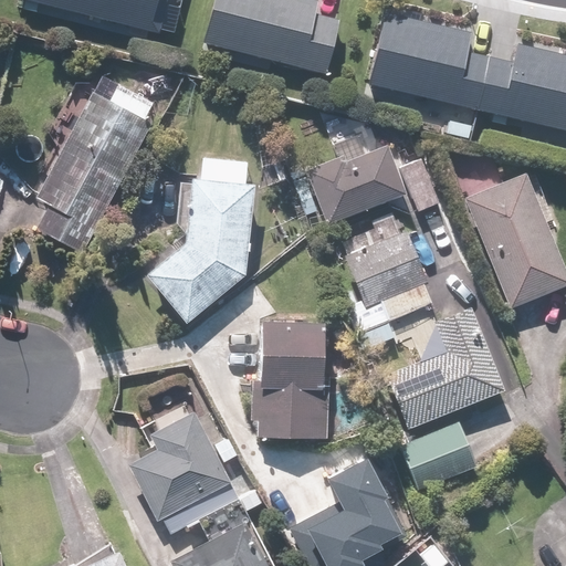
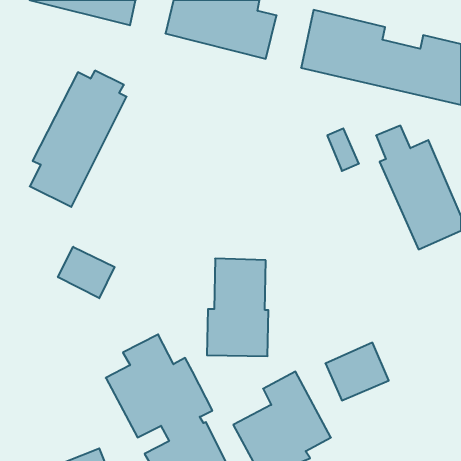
building: [295,145,406,226] -> none
building: [147,160,255,323] -> none
building: [347,229,505,430] -> none
building: none -> [58,247,115,298]

